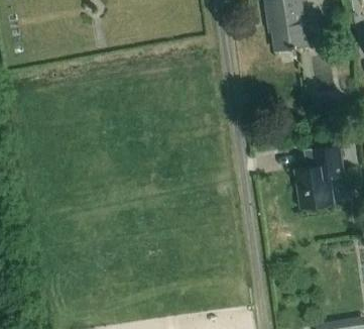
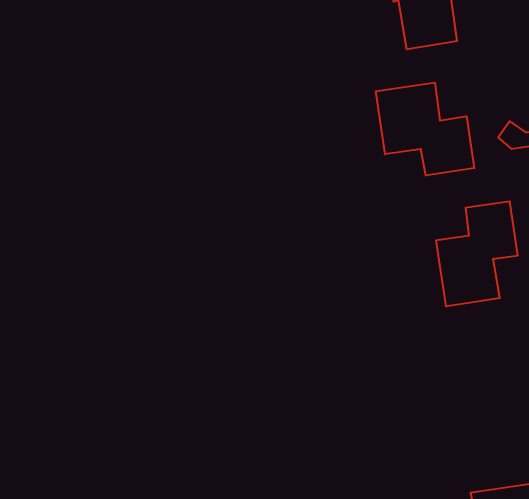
building: none -> [376,83,474,176]

